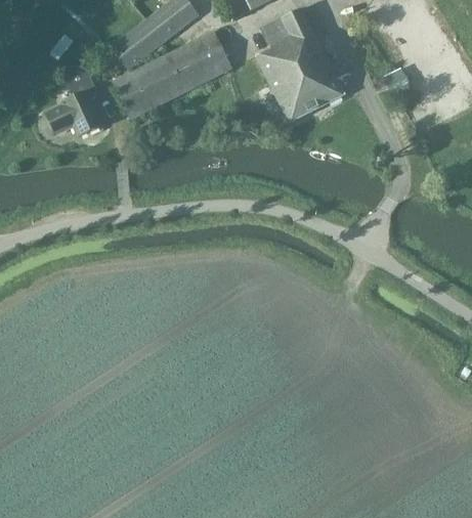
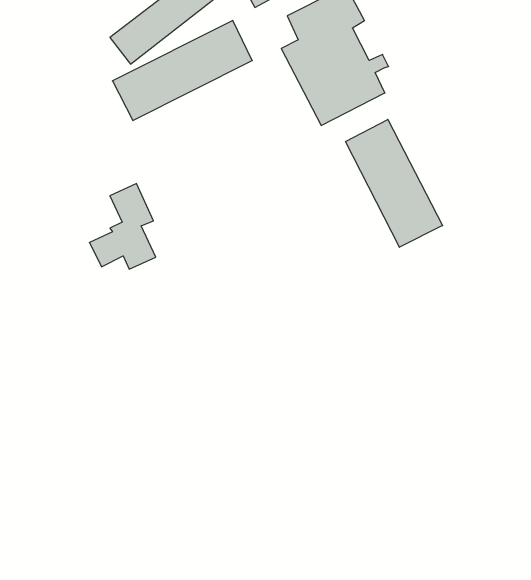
building: [44,63,100,136] -> [89,184,156,269]
building: none -> [346,119,443,247]

